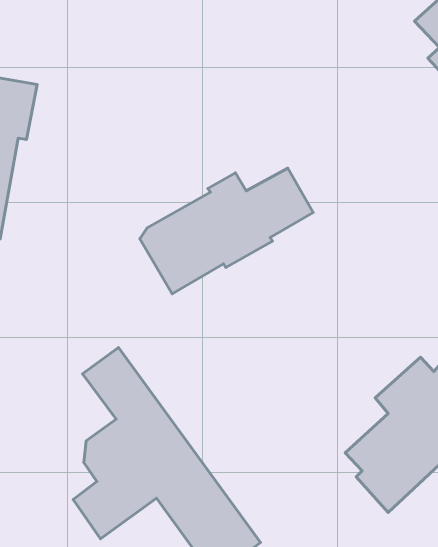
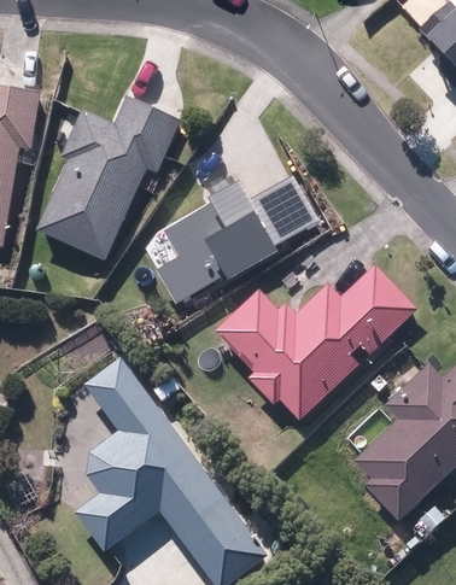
building: none -> [39,98,177,259]
building: none -> [212,269,413,423]

